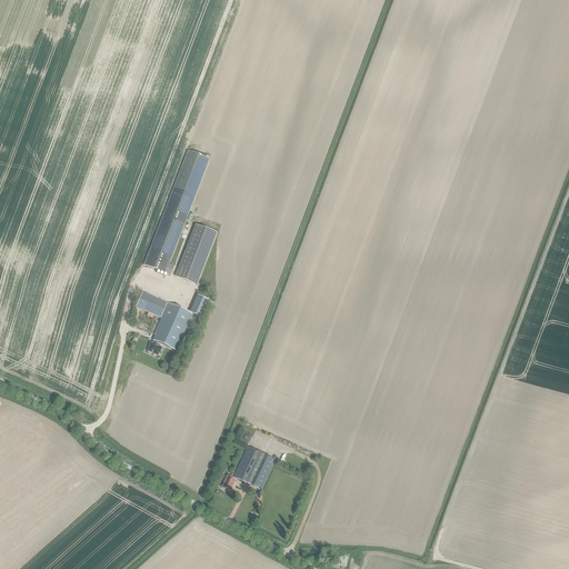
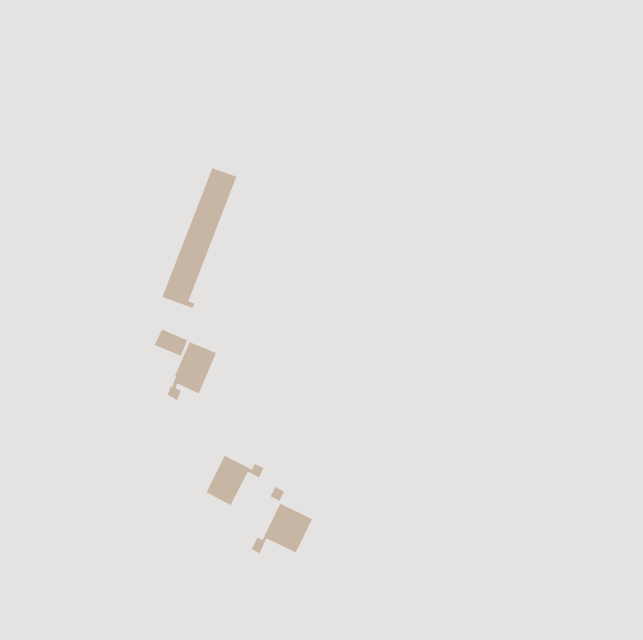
building: [174,222,216,282] -> none
building: none -> [206,455,264,506]

